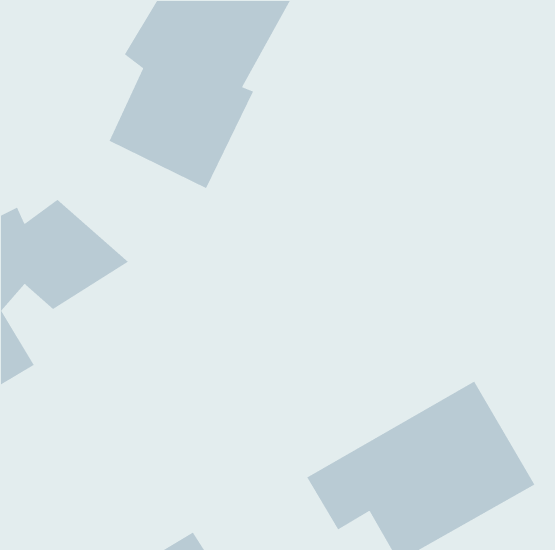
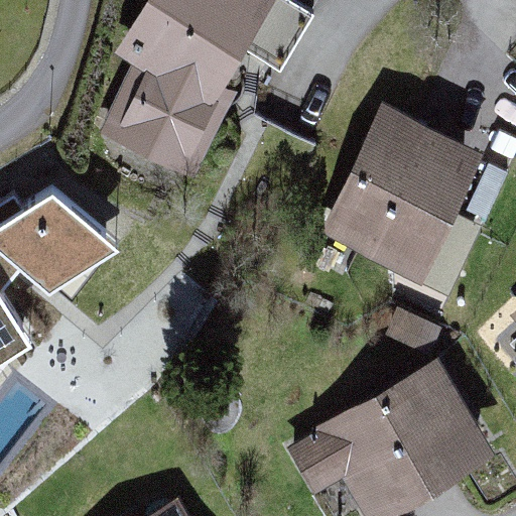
building: none -> [319,105,481,280]

